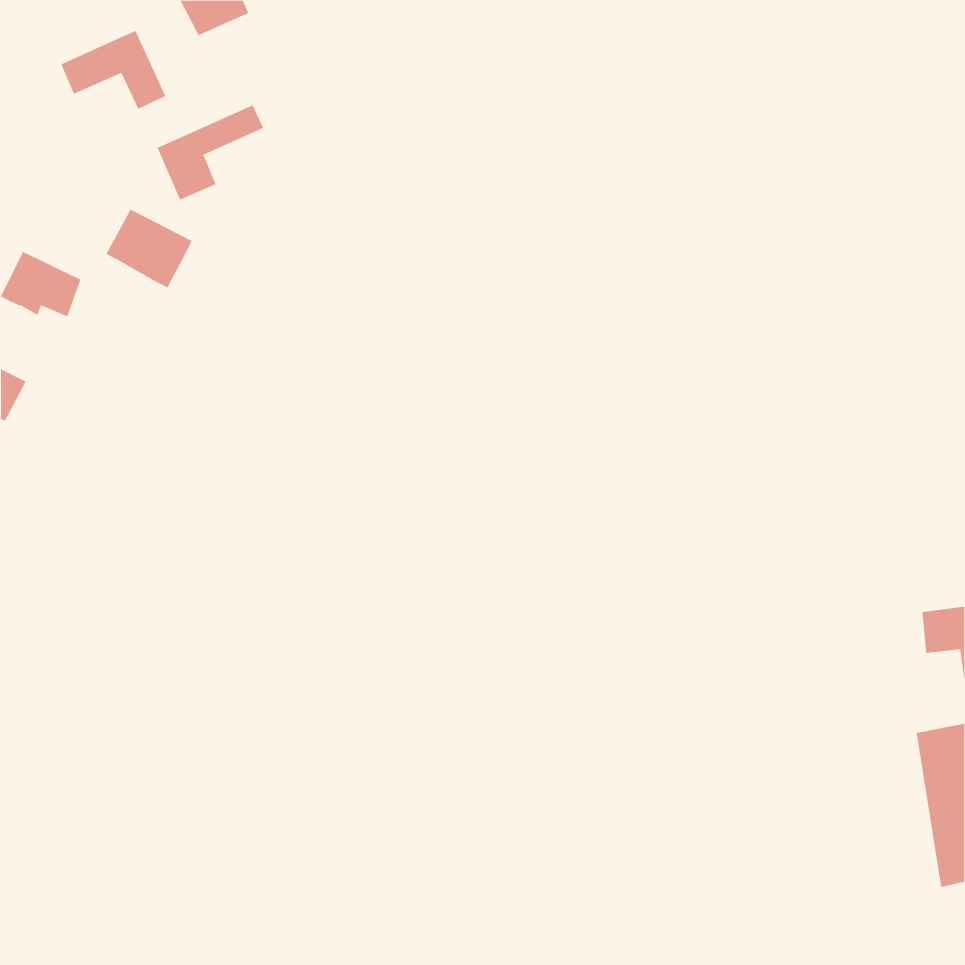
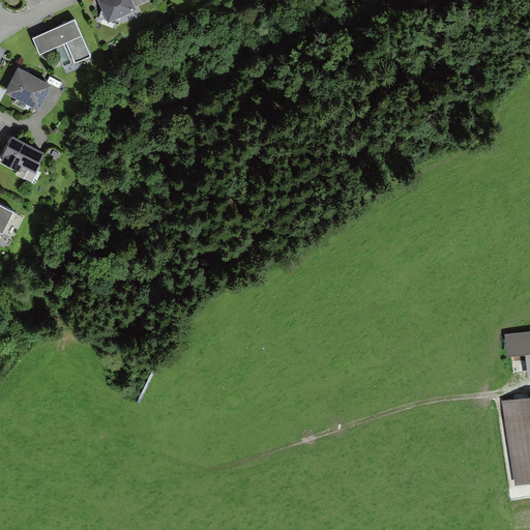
building: [157,104,264,200] -> none
building: [106,209,192,288] -> [5,68,53,112]

